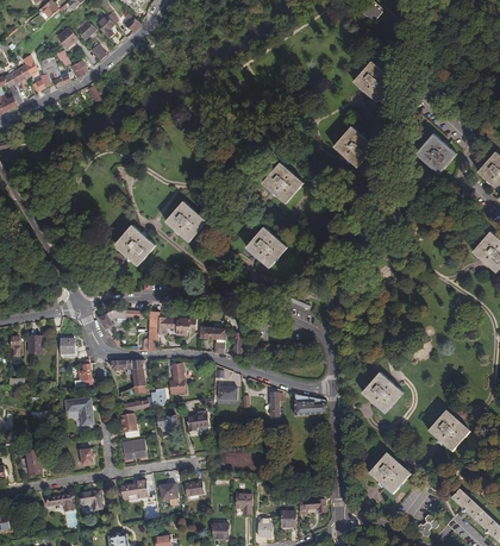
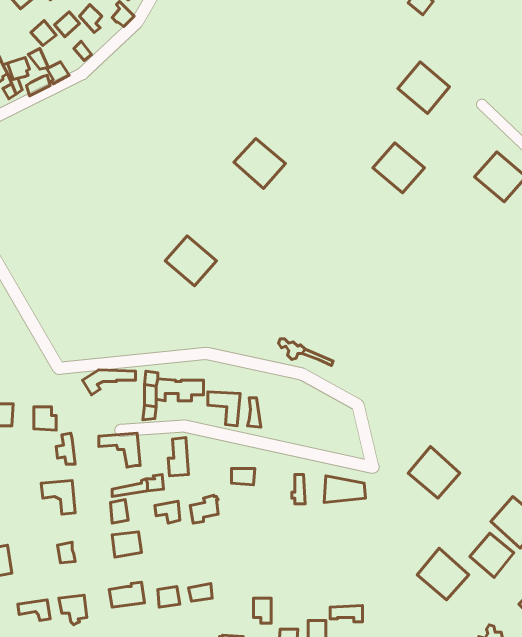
building: [262,162,304,202] -> [234,139,285,189]
building: [114,224,156,264] -> none
building: [246,225,287,266] -> none
building: none -> [470,533,514,577]

